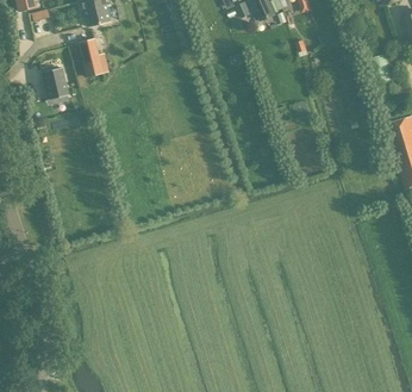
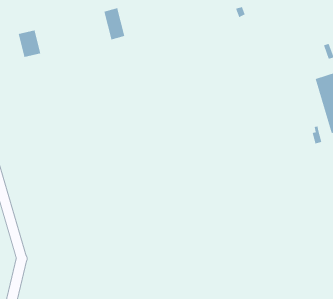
building: [77,38,102,76] -> [104,7,125,40]

